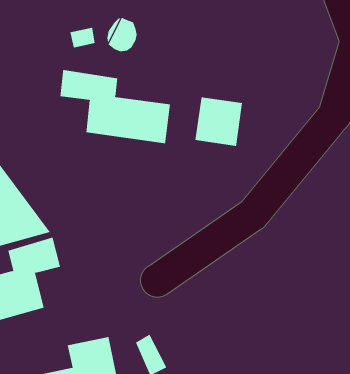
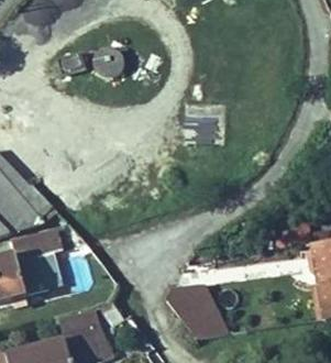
building: [60,69,170,144] -> none
building: none -> [169,284,229,337]

